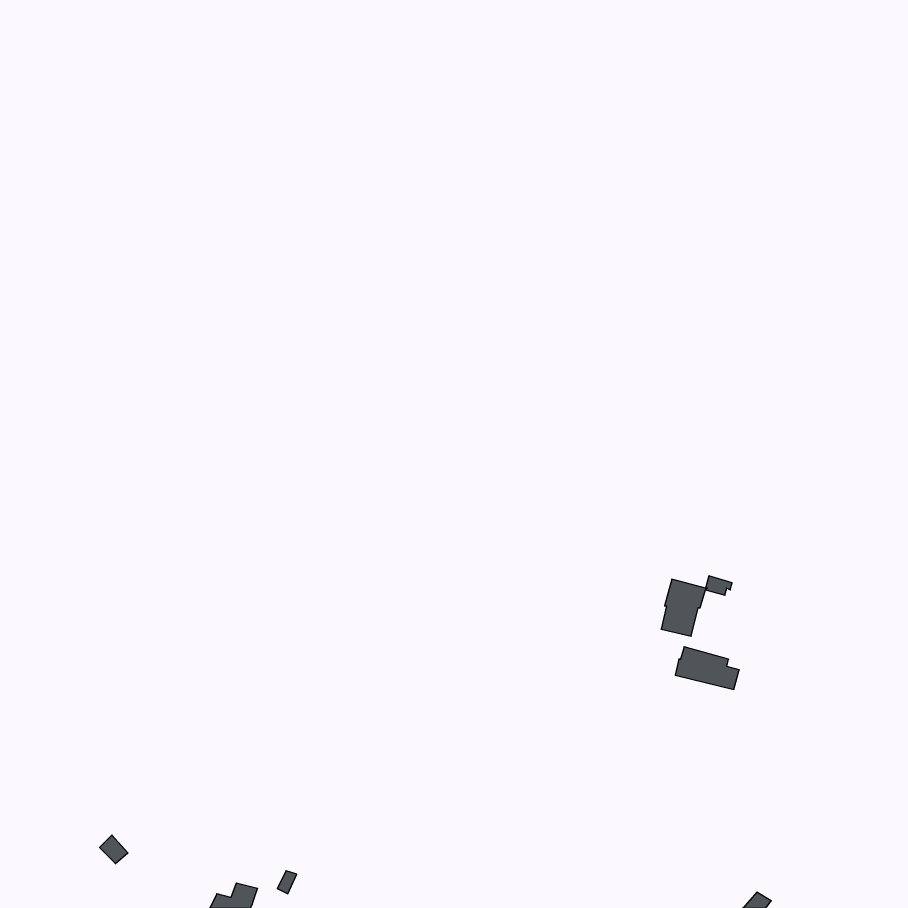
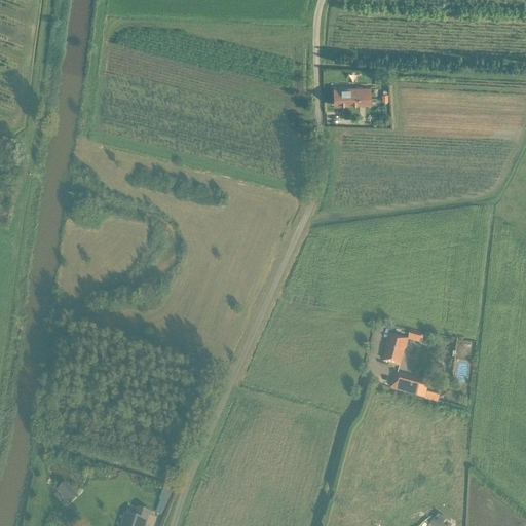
building: none -> [333,86,371,104]

